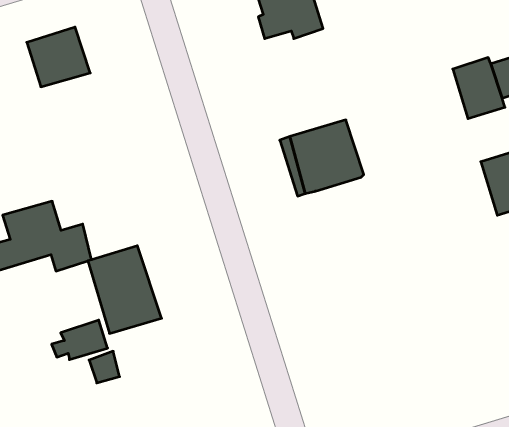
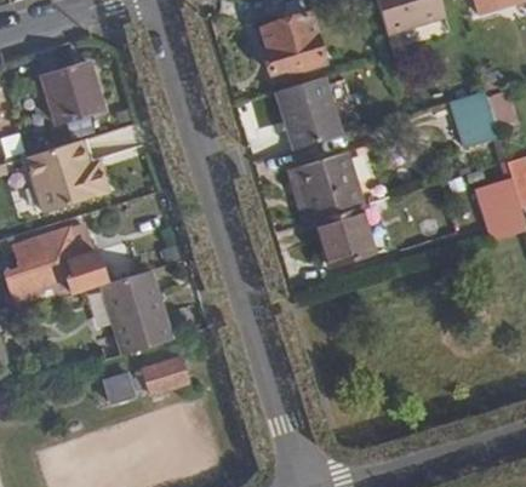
building: none -> [276,80,339,150]
building: none -> [27,139,109,212]
building: none -> [320,205,378,264]
building: [52,320,108,360] -> [133,354,187,391]

